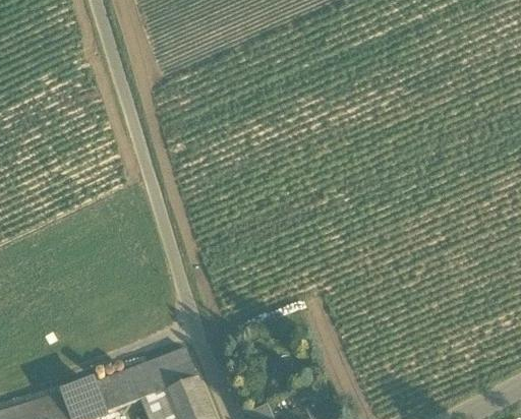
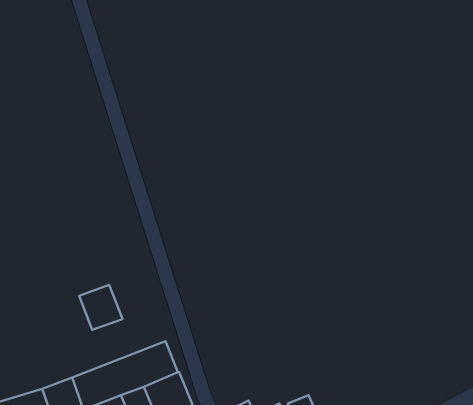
building: none -> [79,285,122,330]

